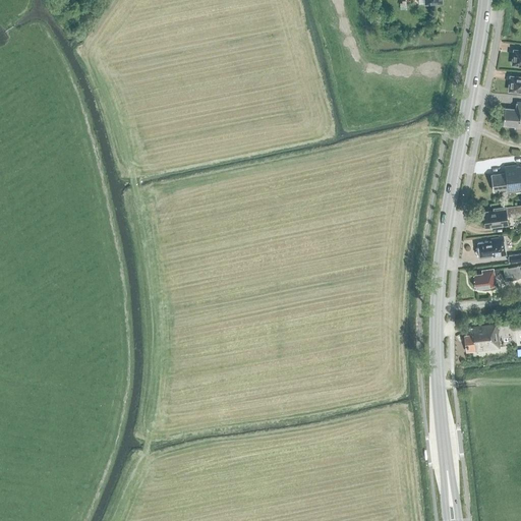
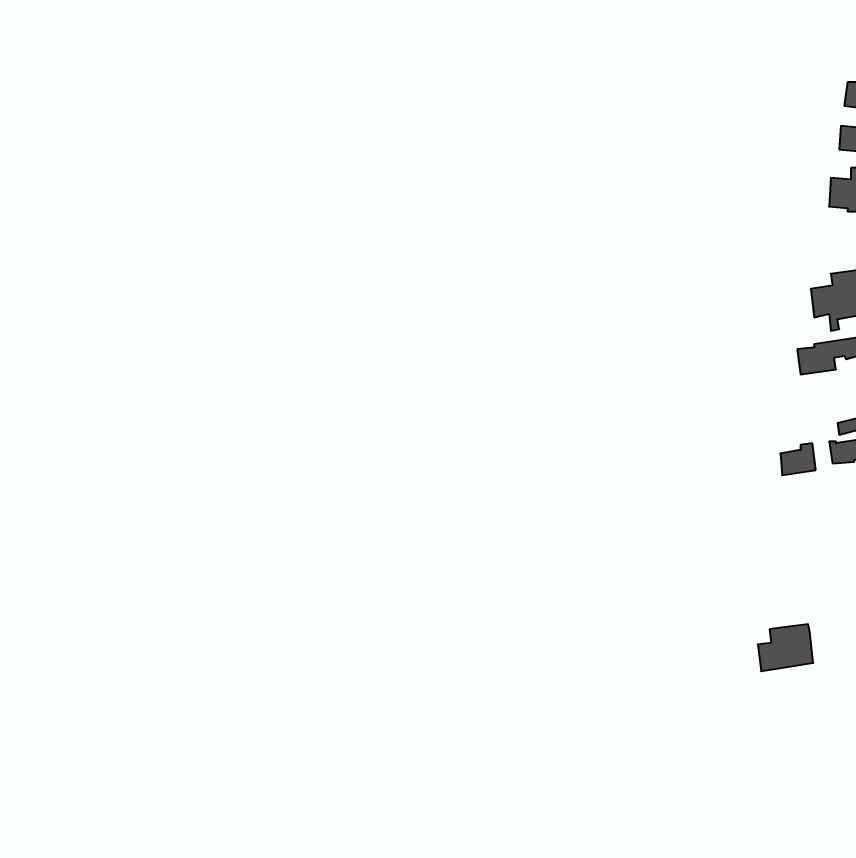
building: [478,237,507,256] -> none
building: [466,324,500,352] -> [758,624,813,671]

